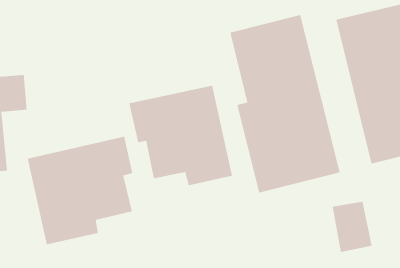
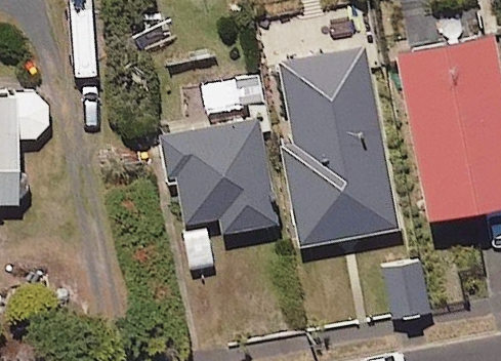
building: [27,136,133,245] -> none

